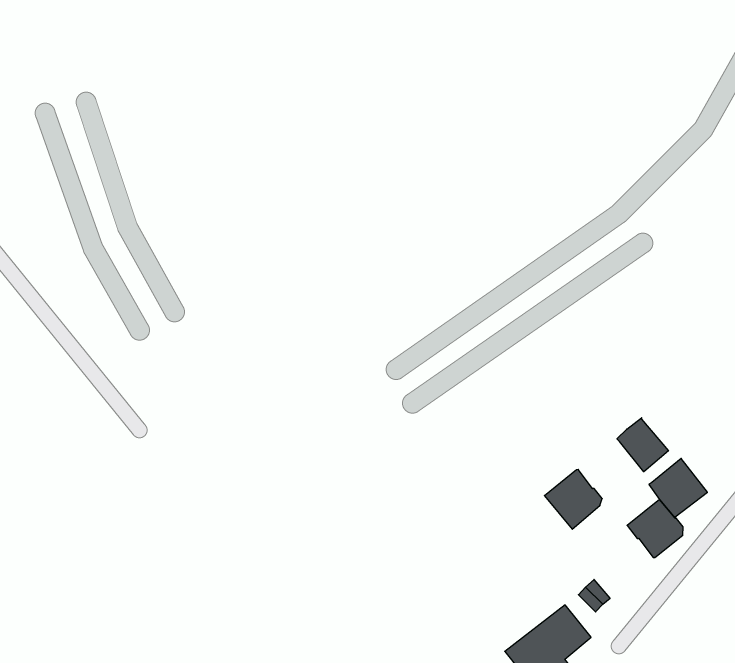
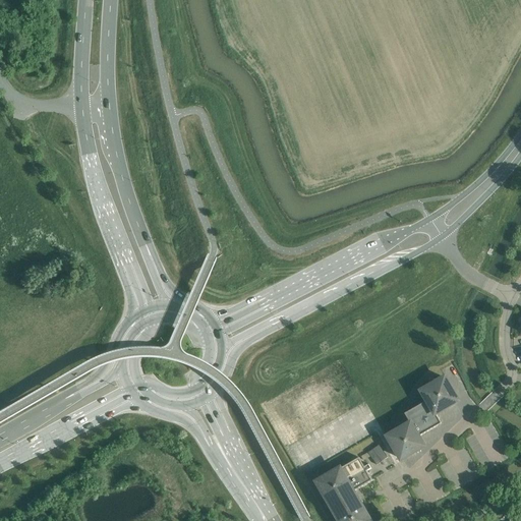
building: [617,418,668,472] -> none
building: [544,469,602,529] -> [385,422,420,459]

